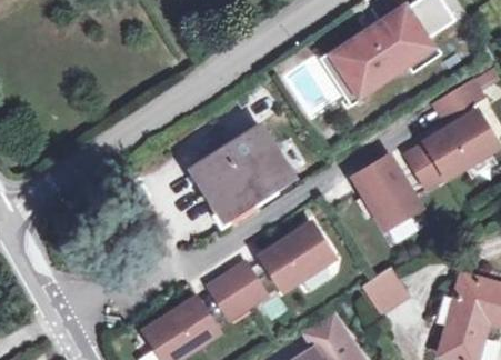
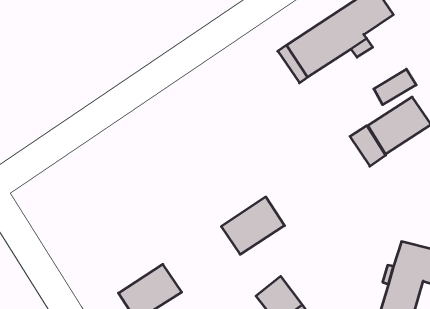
building: [192,128,291,219] -> none
building: [354,158,418,228] -> none
building: [208,263,265,319] -> none
building: [362,269,407,310] -> none

